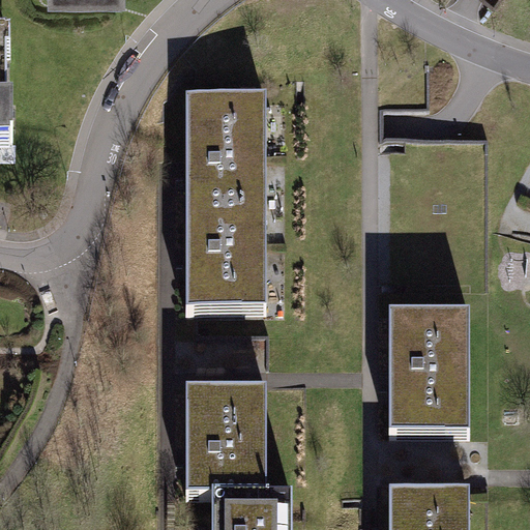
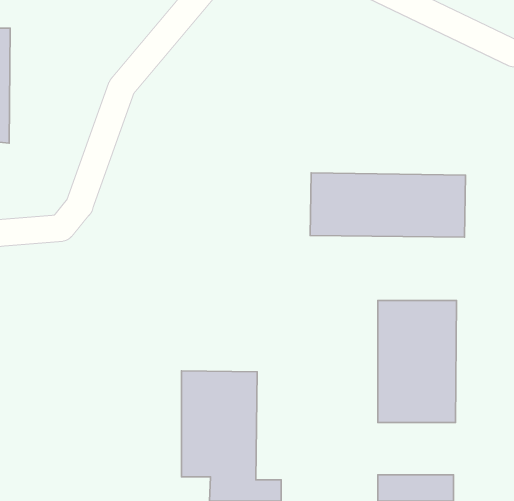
building: [187,97,264,303] -> none
building: none -> [310,173,465,237]

